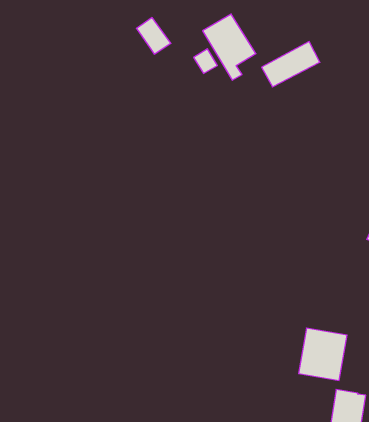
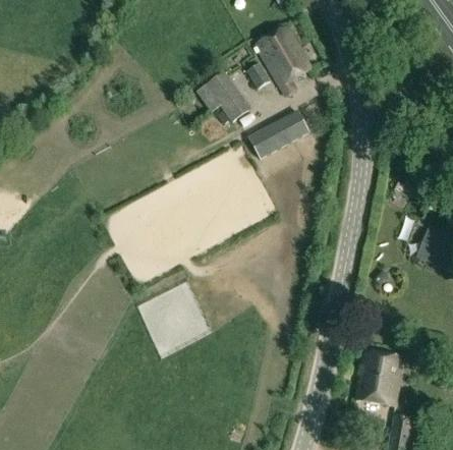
building: [136,18,171,54] -> [206,72,241,110]
building: [262,42,320,87] -> [247,111,307,158]

